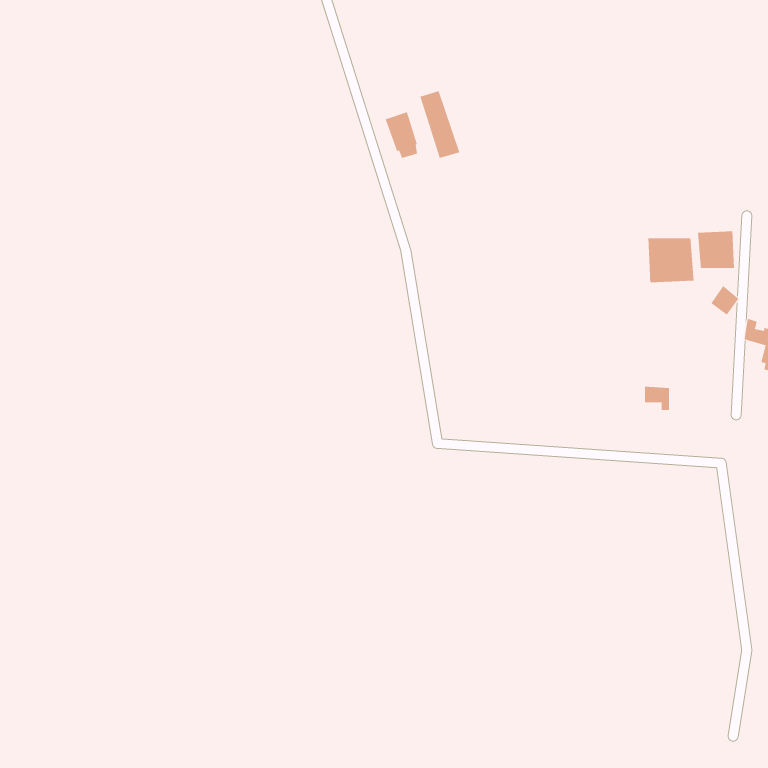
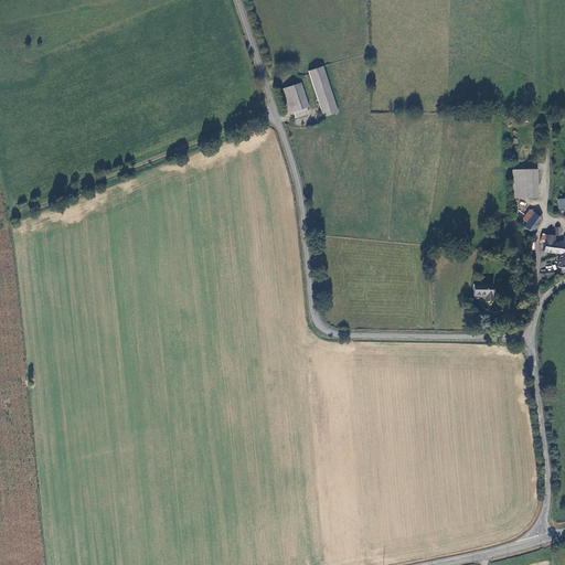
building: [648,238,694,283] -> none

